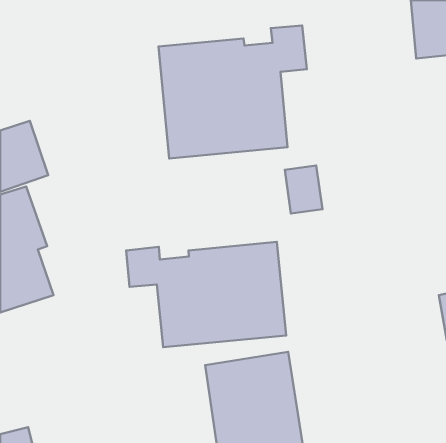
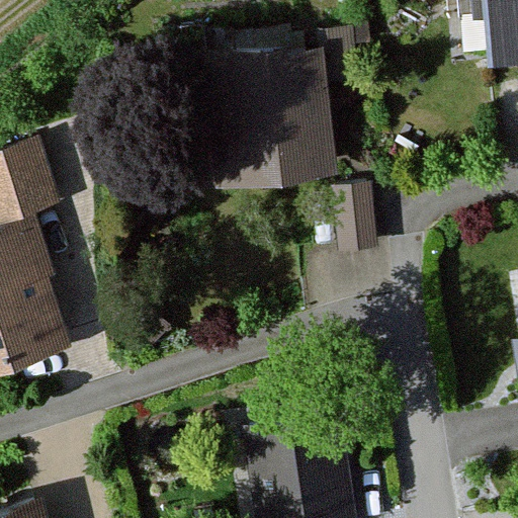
building: [126,242,286,347] -> none

